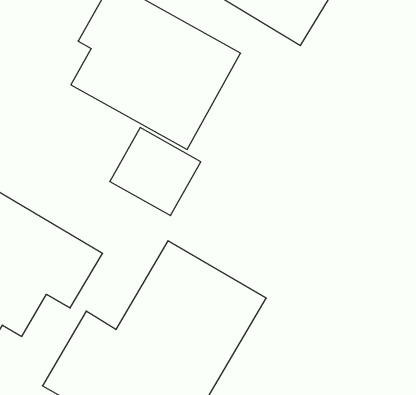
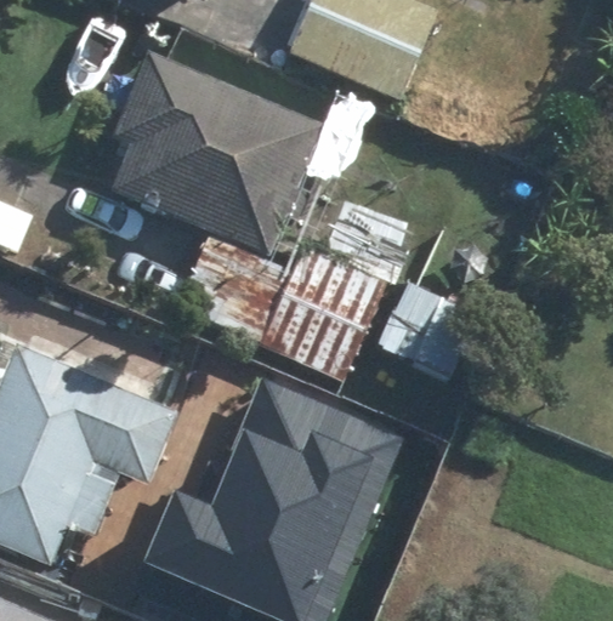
building: none -> [263,251,390,378]

